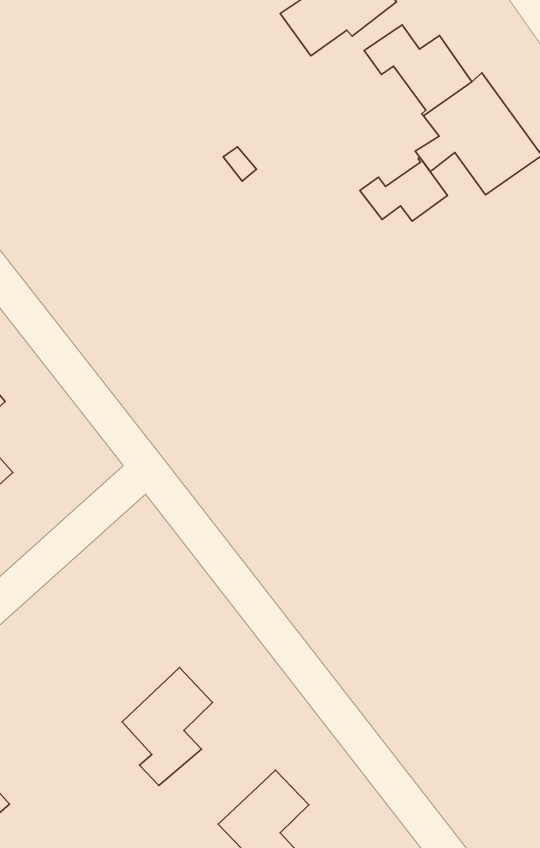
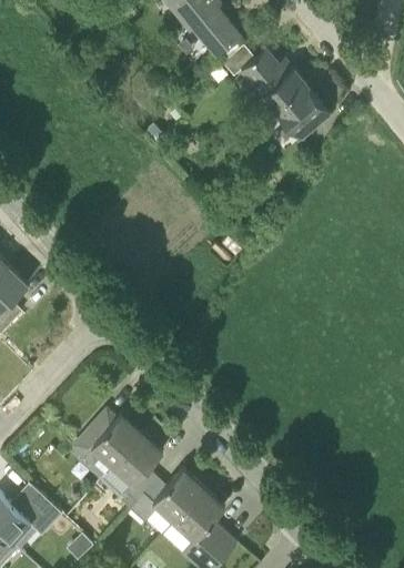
building: [360,157,447,221] -> none
building: none -> [73,413,142,466]
building: none -> [129,468,203,521]

